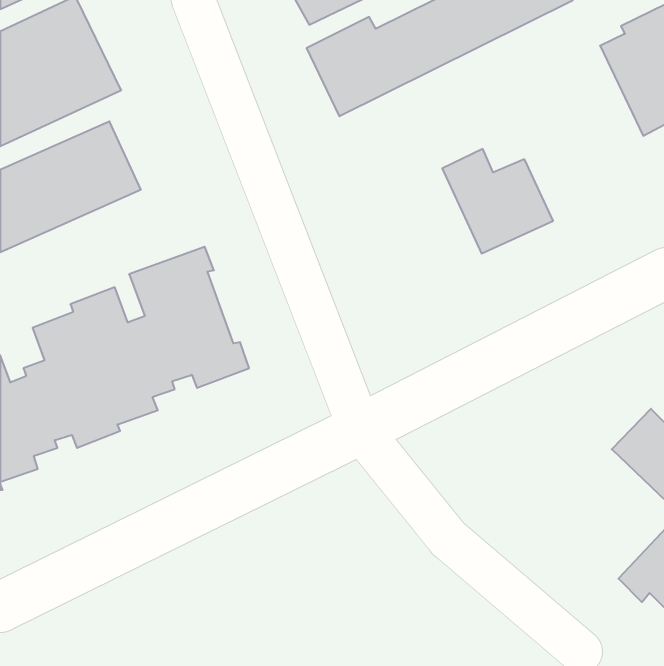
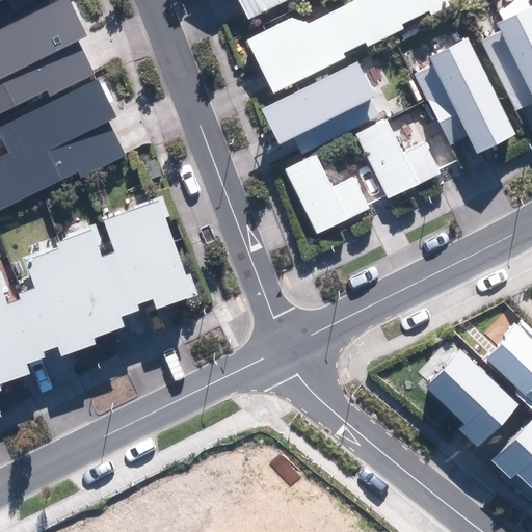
building: none -> [411,38,510,150]
building: none -> [258,58,380,153]
building: none -> [283,152,371,235]
building: none -> [427,348,521,447]

